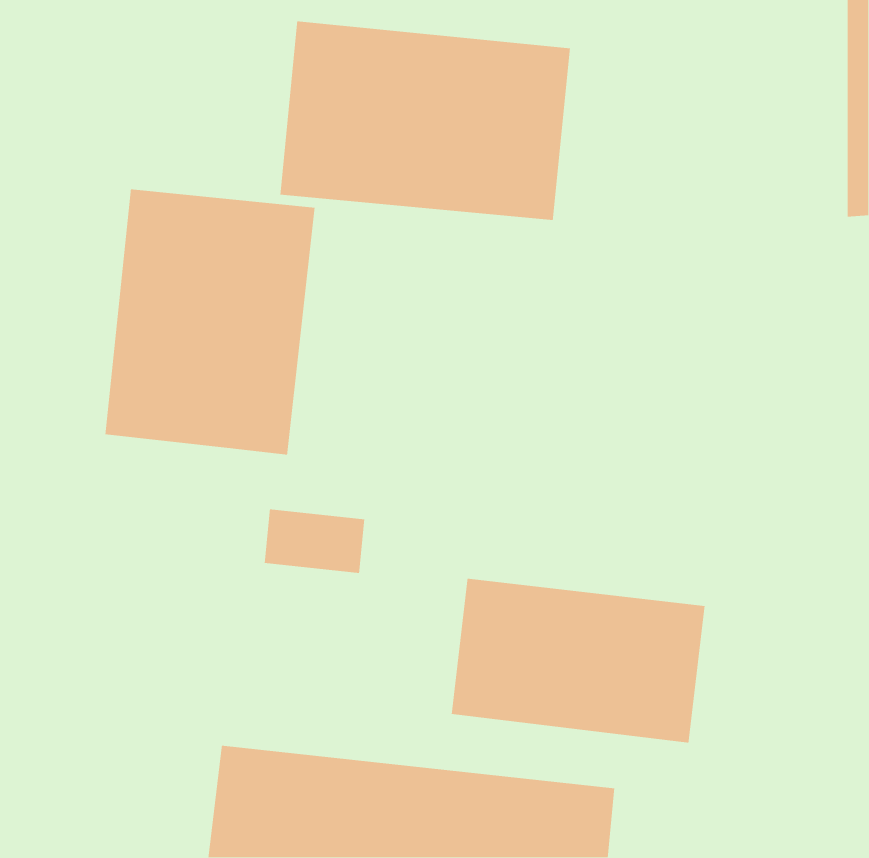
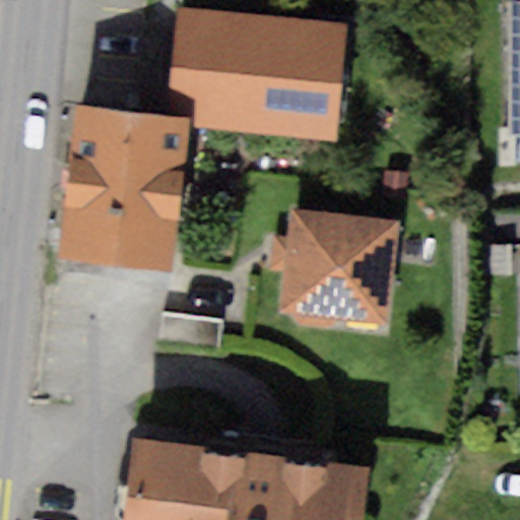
building: none -> [279,211,402,326]
building: [451,578,706,744] -> none

